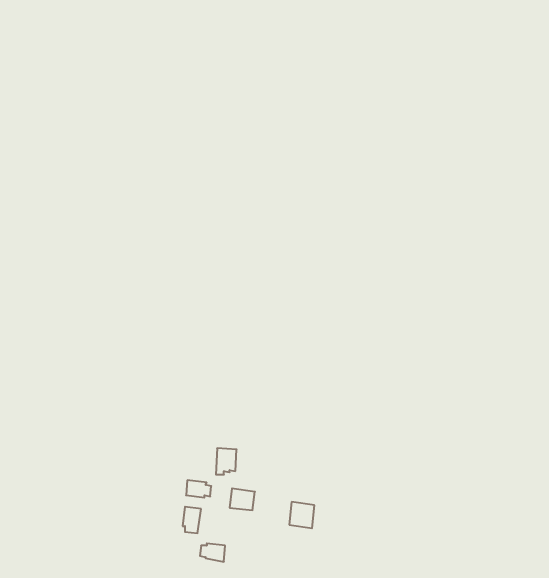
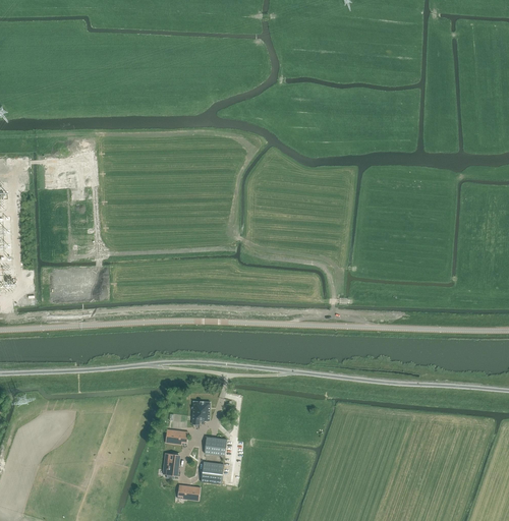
building: [289,502,314,528] -> [202,461,224,484]

